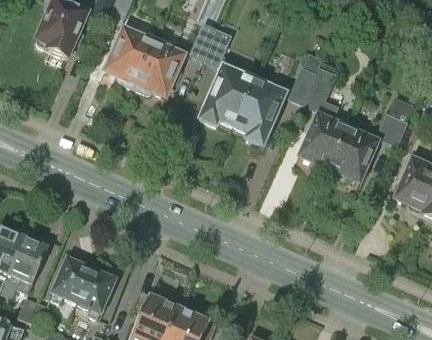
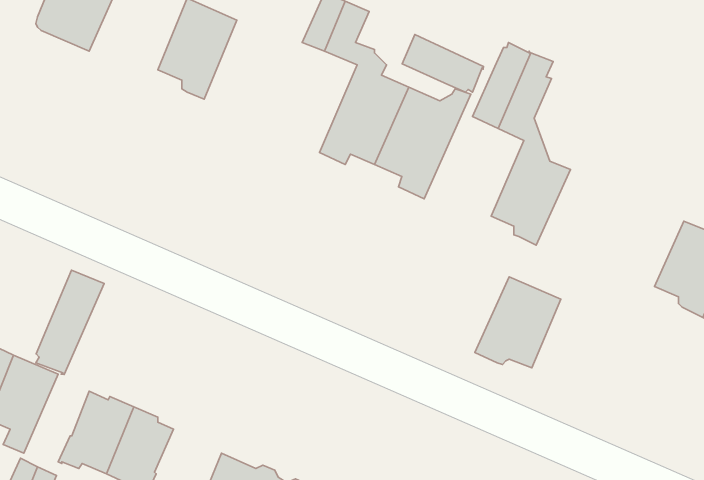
building: [134,39,184,94] -> none
building: none -> [402,34,484,92]
building: [378,100,412,143] -> none
building: [327,126,377,179] -> [475,277,561,368]
building: none -> [36,270,104,374]

